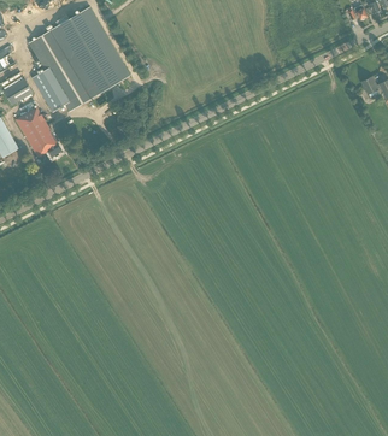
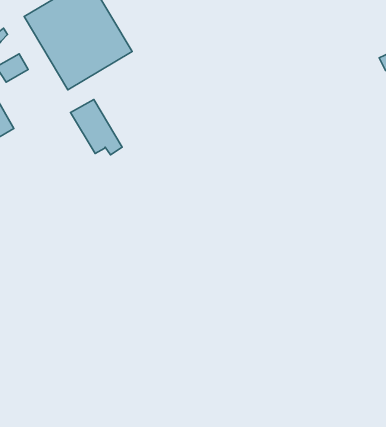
building: [14,107,63,159] -> [71,100,122,155]

